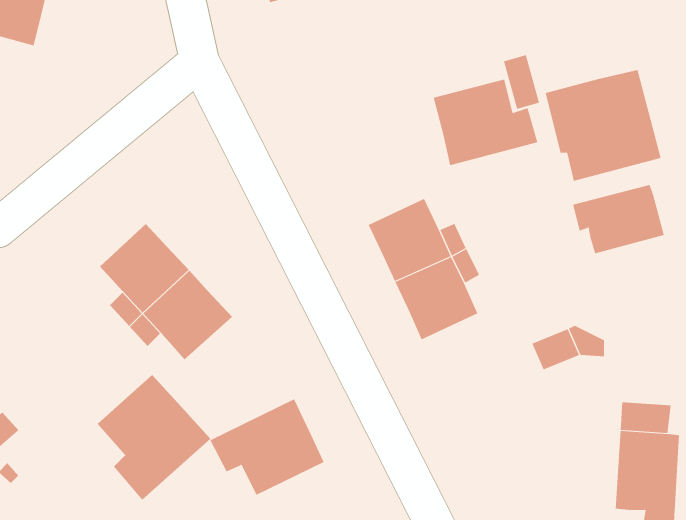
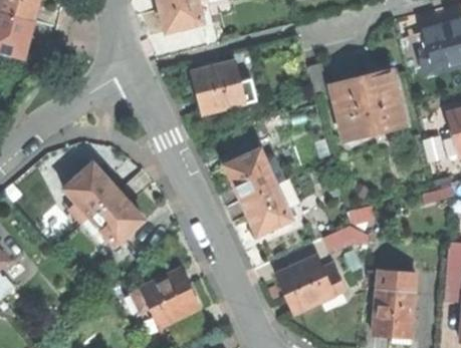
building: [433,79,538,166] -> [192,60,255,112]
building: [573,184,665,254] -> none
building: [97,374,211,501] -> none
building: none -> [275,255,342,311]

